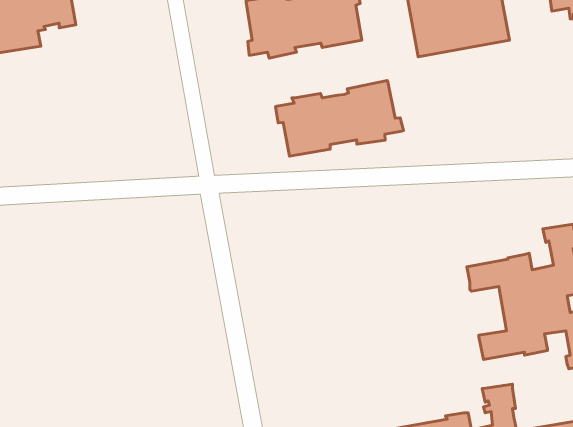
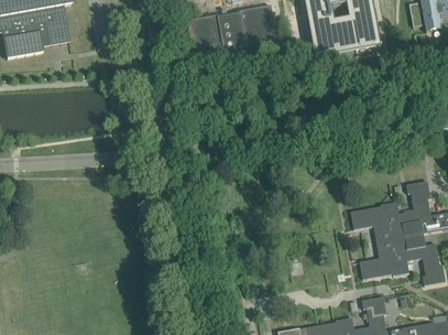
building: [275,81,403,156] -> none

